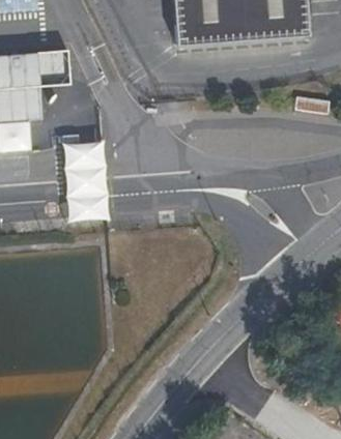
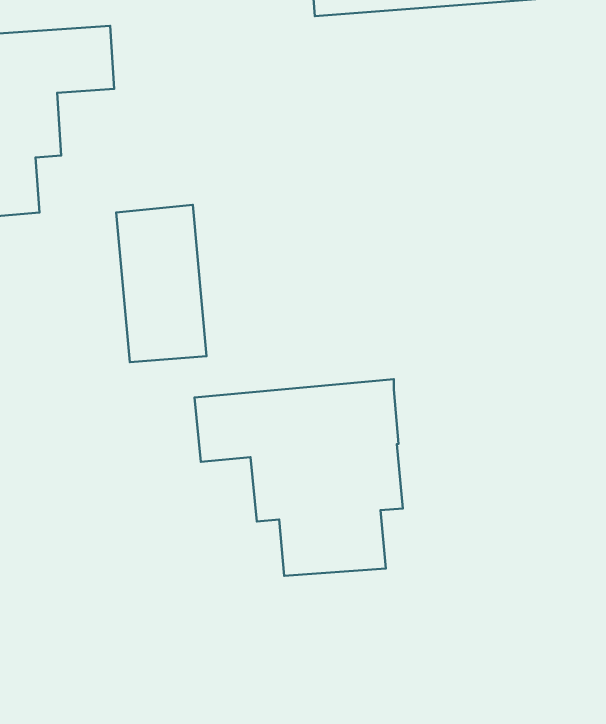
building: none -> [195,379,403,576]

